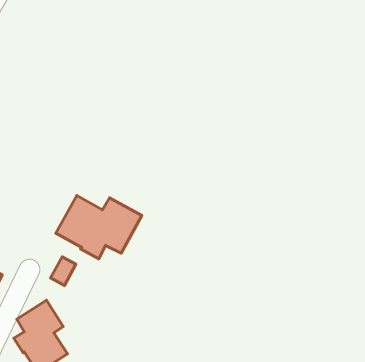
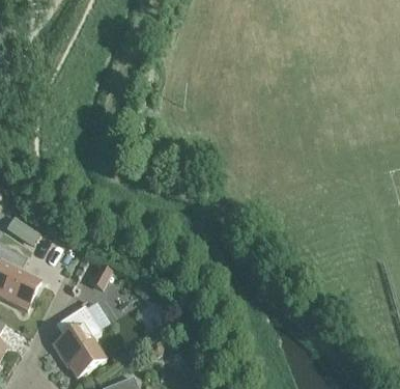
building: [56,195,142,259] -> none

